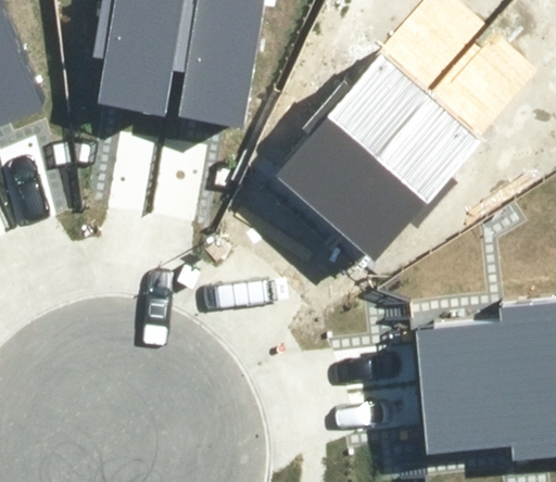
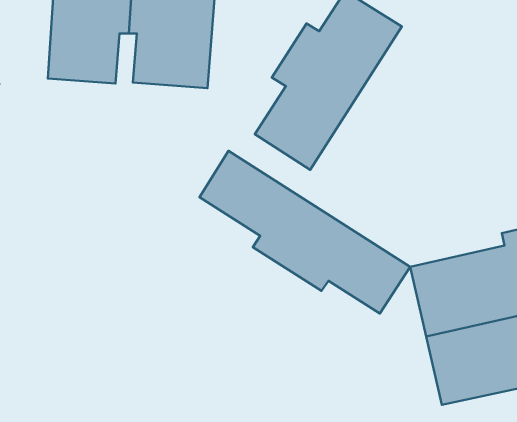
building: [328,96,479,259] -> none
building: none -> [199,151,410,313]

